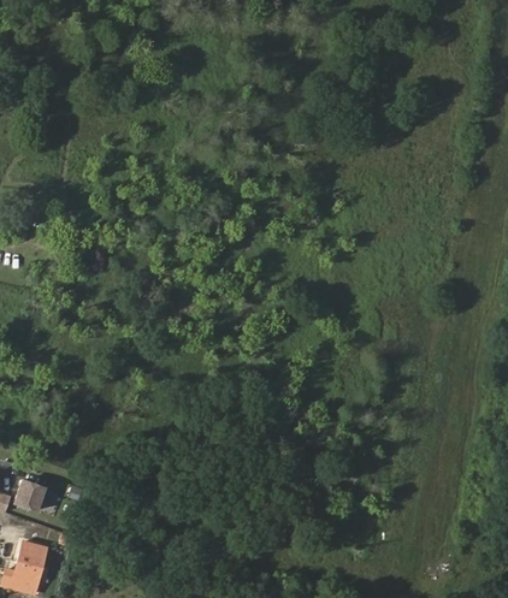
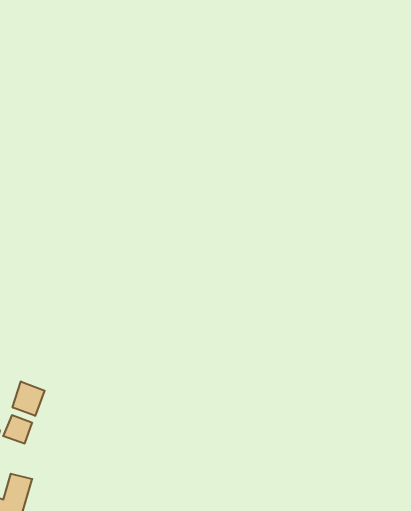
building: none -> [13,381,45,416]

